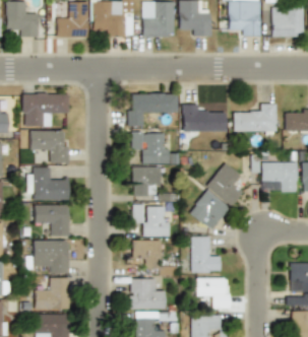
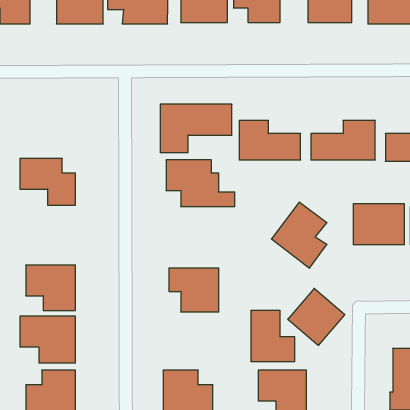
building: [22,93,66,127] -> none
building: [132,166,161,196] -> none
building: [27,167,69,200] -> none
building: [189,191,229,230] -> [288,288,345,345]
building: [132,240,161,270] -> none

